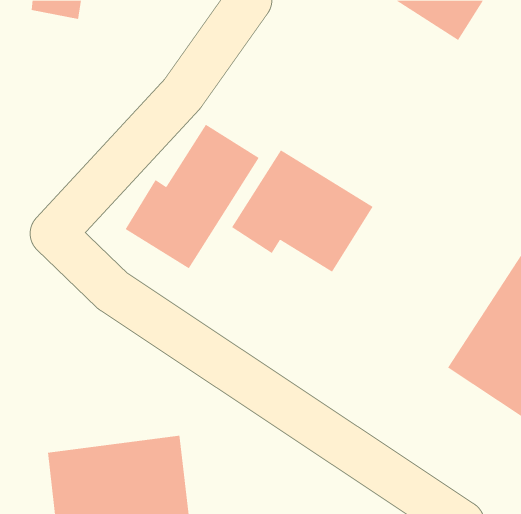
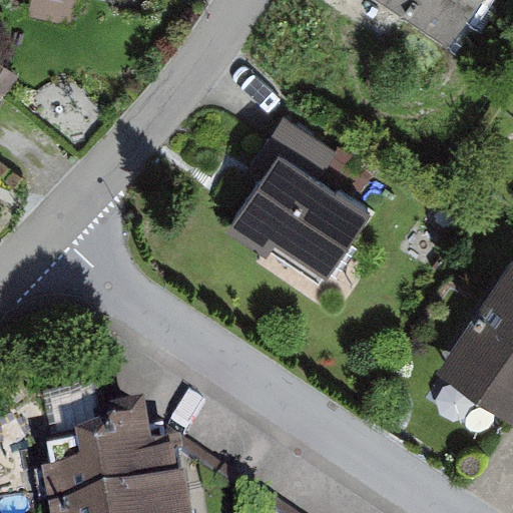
building: [125,124,259,269] -> none

